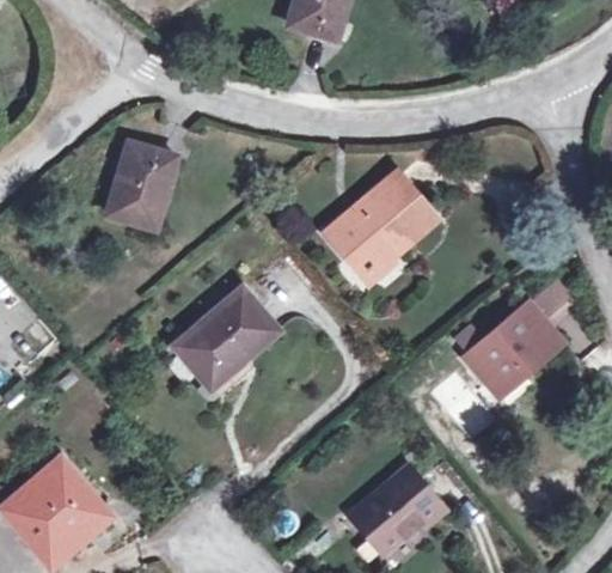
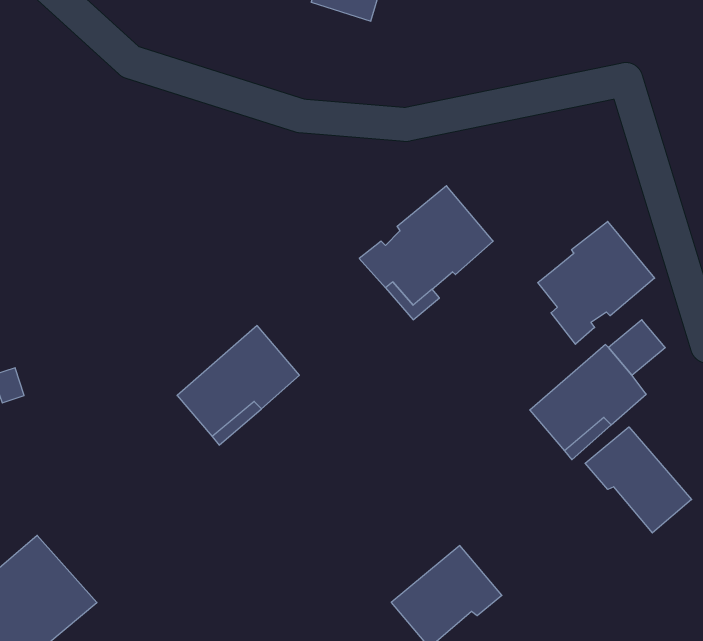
building: [109,141,177,226] -> none
building: none -> [538,221,655,344]
building: none -> [585,427,692,533]

